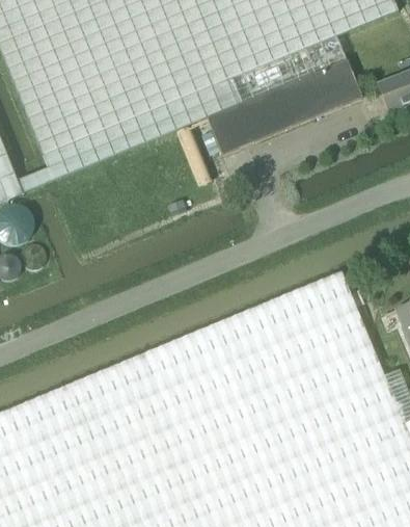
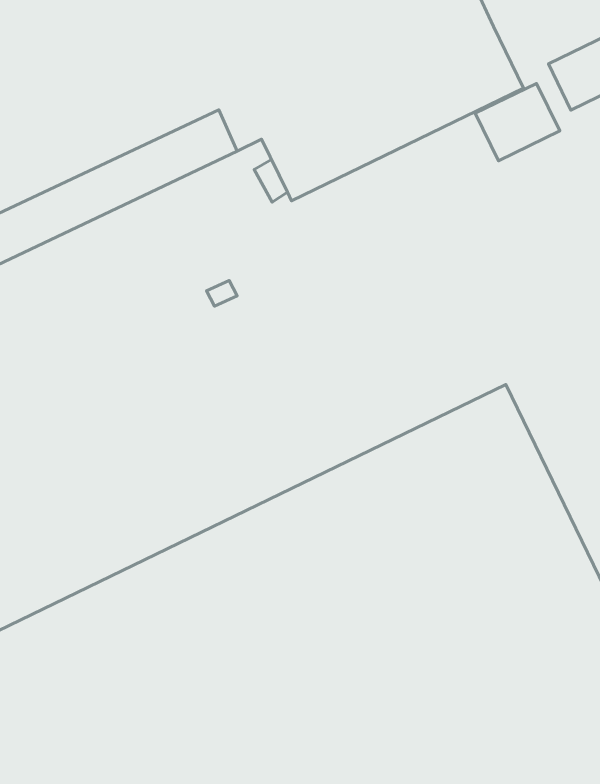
building: none -> [475,83,560,161]

